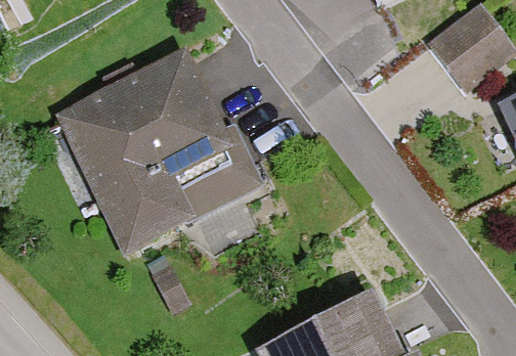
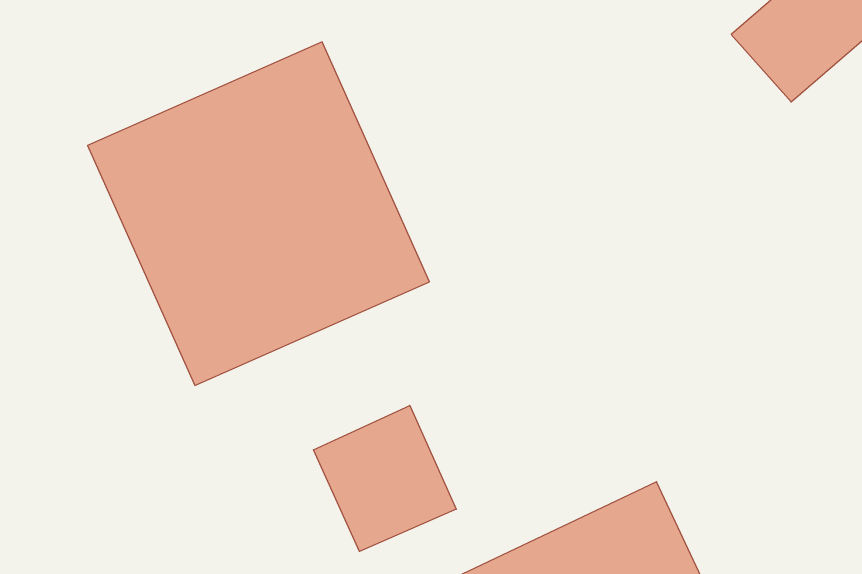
building: none -> [314,405,456,551]

